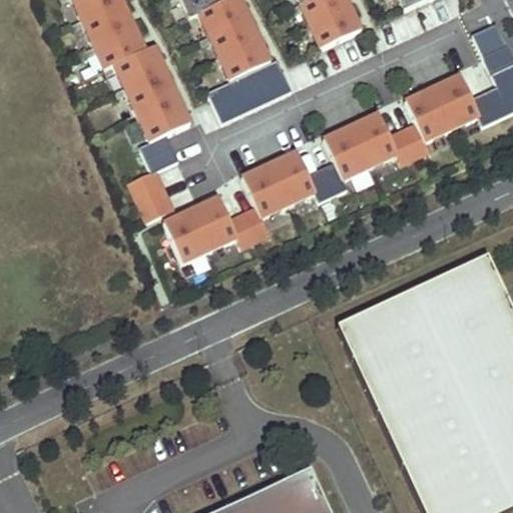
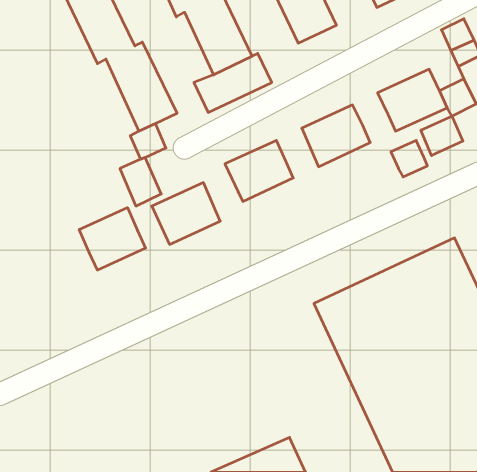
building: [390,122,429,161] -> [391,140,427,177]
building: none -> [421,116,463,156]
building: [308,160,347,199] -> none
building: [229,205,269,245] -> none
building: none -> [79,208,146,270]

